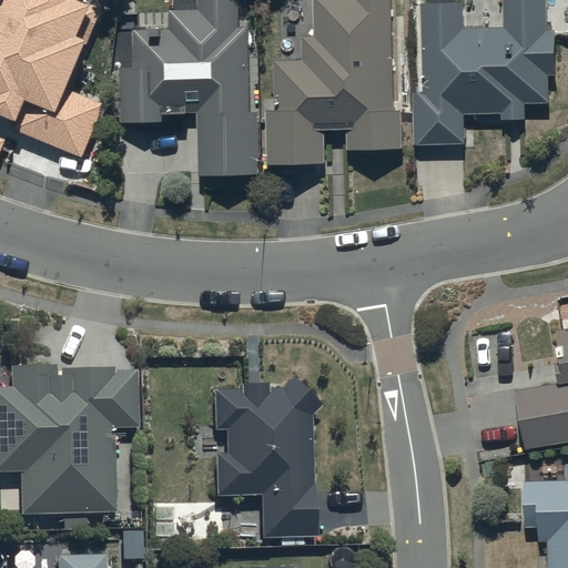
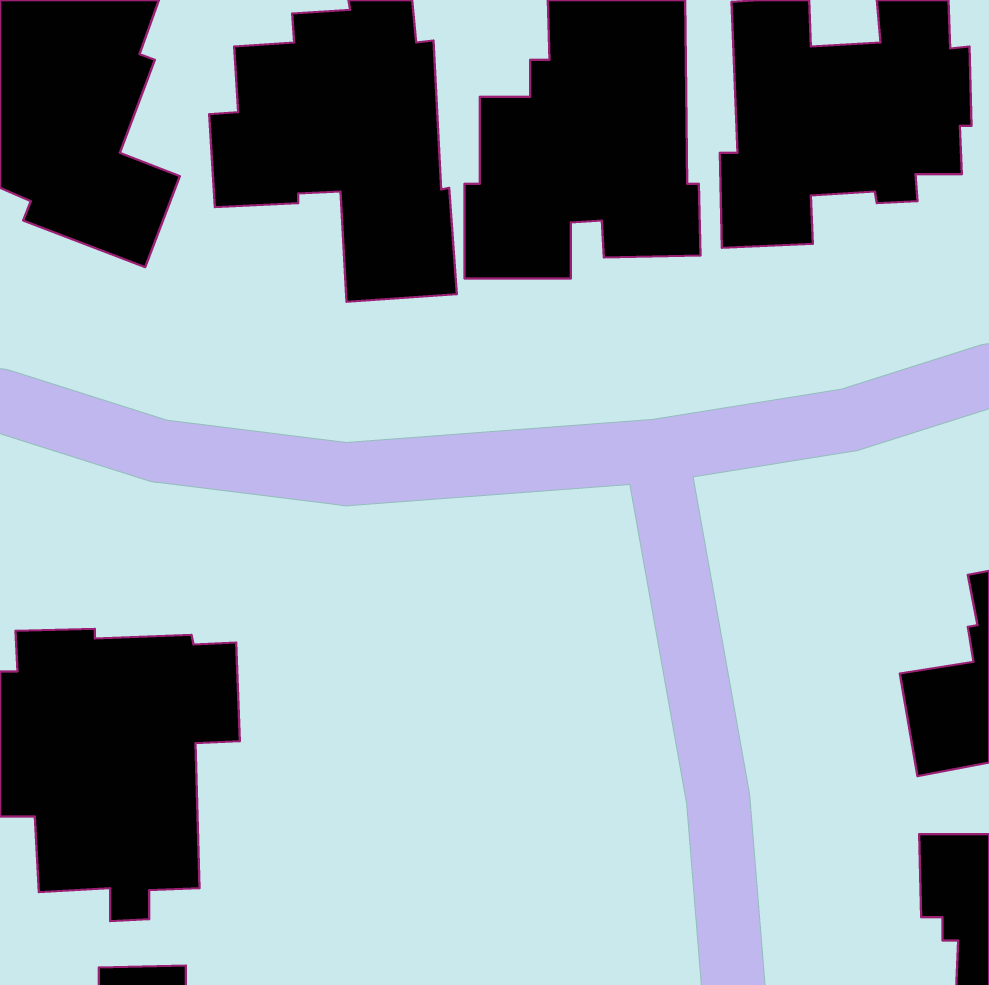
building: [213,381,321,546] -> none

